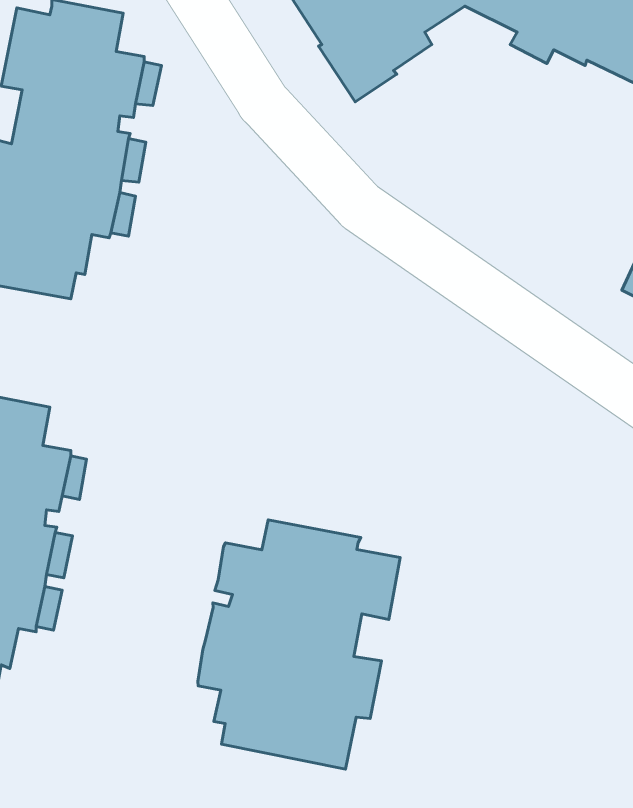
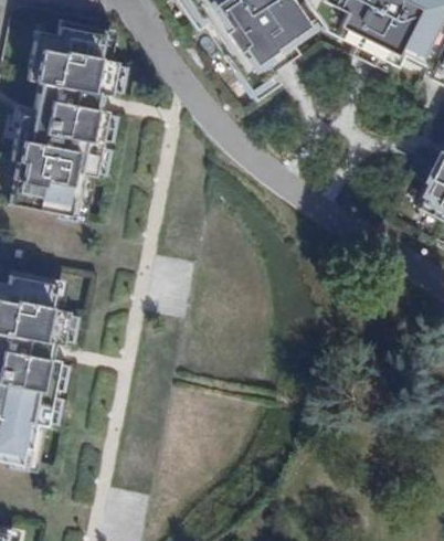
building: [198,520,400,769] -> none

